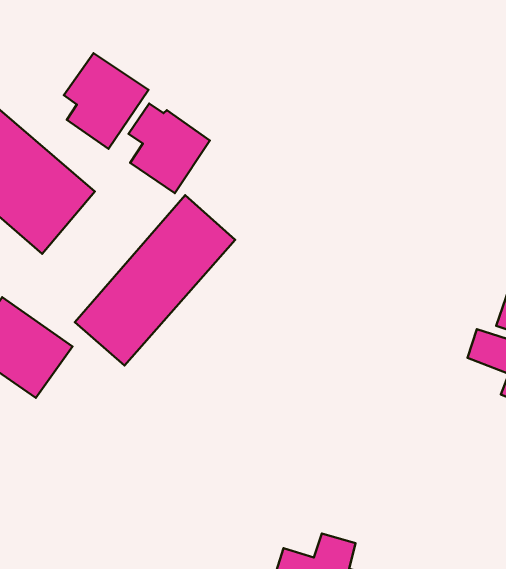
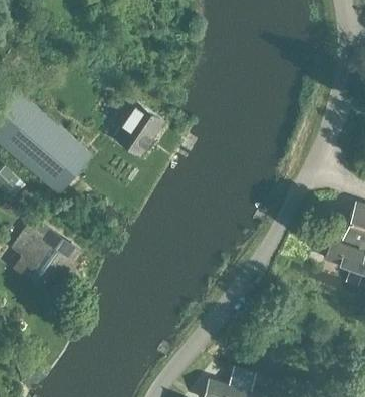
building: [64,53,149,149] -> none
building: [75,195,235,365] -> none

